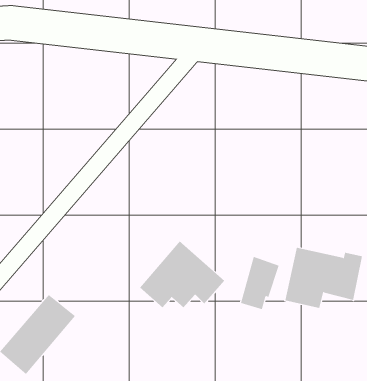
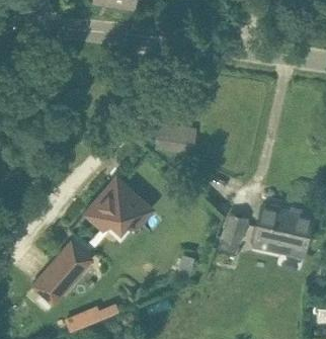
building: none -> [156,124,195,150]
building: [139,240,225,308] -> [84,177,151,230]

